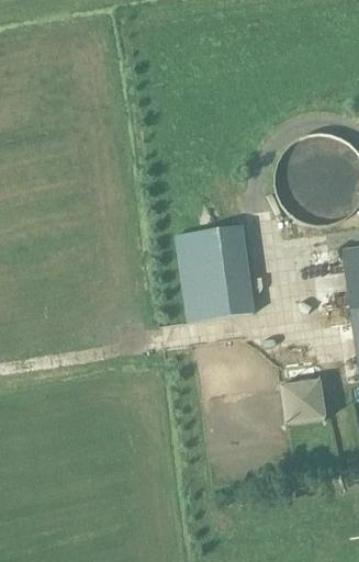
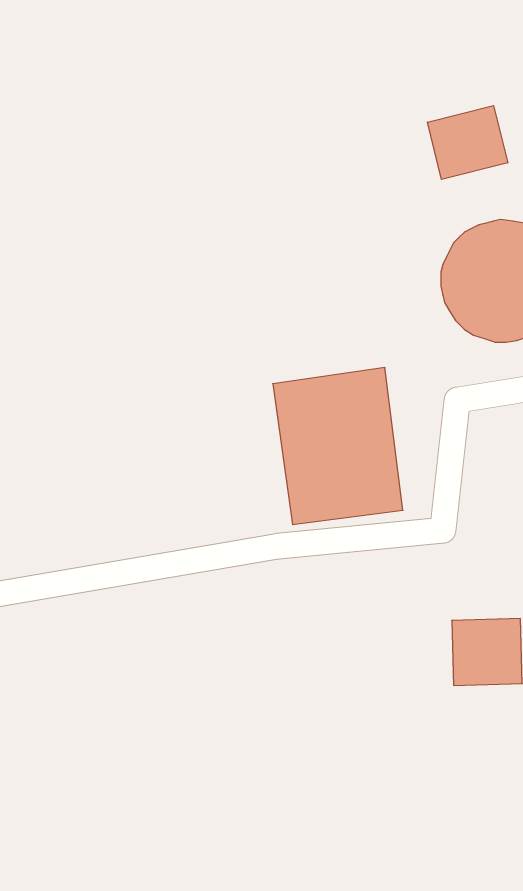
building: none -> [427,106,508,179]

